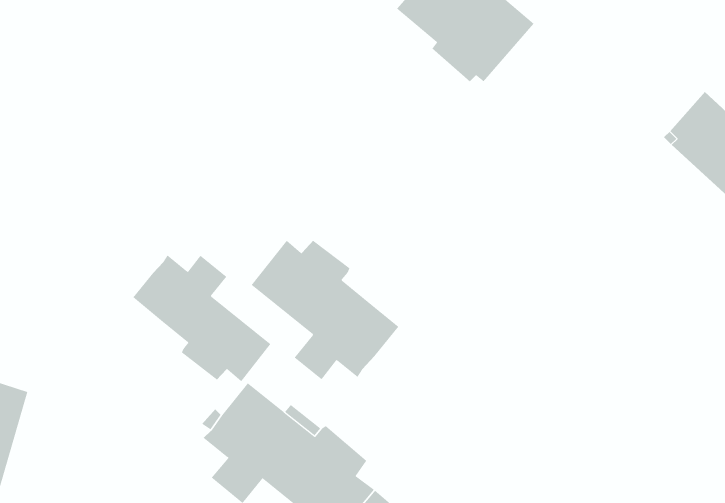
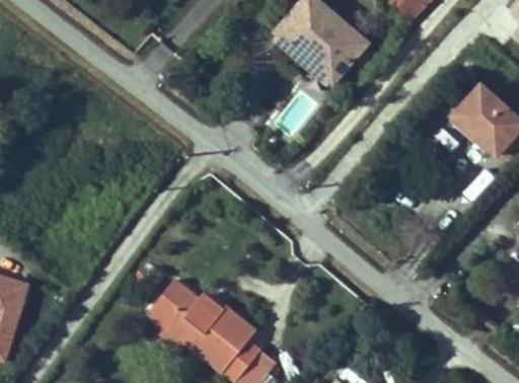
building: [251,240,399,380] -> none
building: [133,255,271,382] -> none

